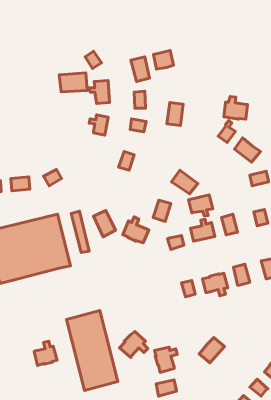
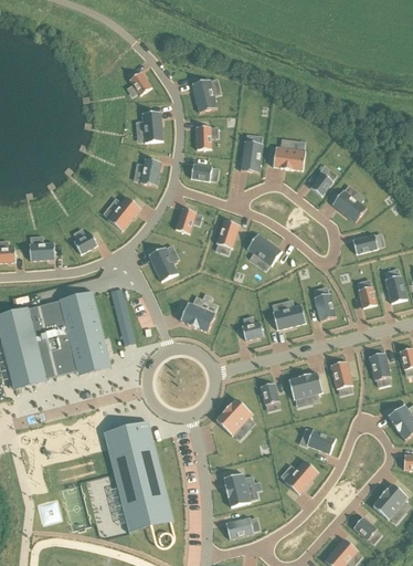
building: [153,50,173,69] -> none
building: [59,73,87,92] -> none
building: [224,96,247,119] -> [273,138,305,169]
building: none -> [107,195,140,230]
building: [189,195,213,216] -> none
building: [153,200,171,221] -> [215,219,240,248]
building: [94,211,116,237] -> [148,245,178,281]
building: none -> [299,428,336,452]
building: [119,331,148,357] -> [215,398,254,433]
building: [34,341,57,365] -> none

